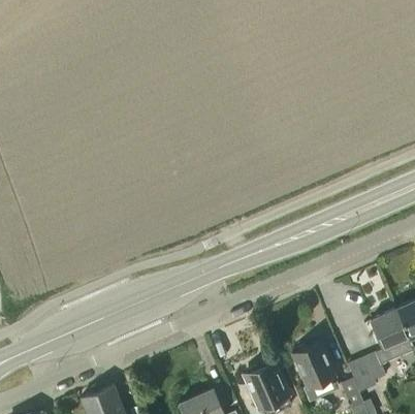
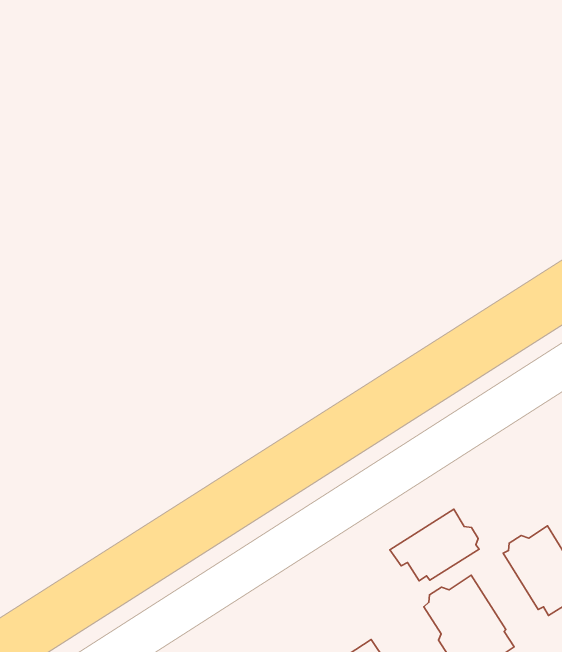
building: none -> [390,509,479,581]

